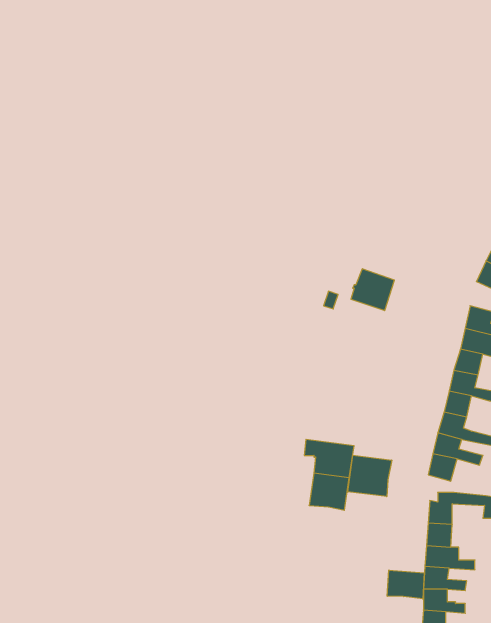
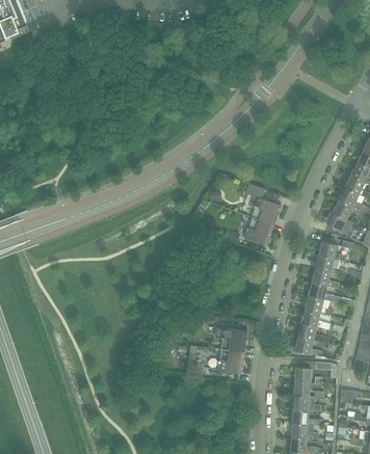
building: none -> [245,184,280,224]
building: [348,455,392,497] -> none
building: [387,570,424,599] -> none

